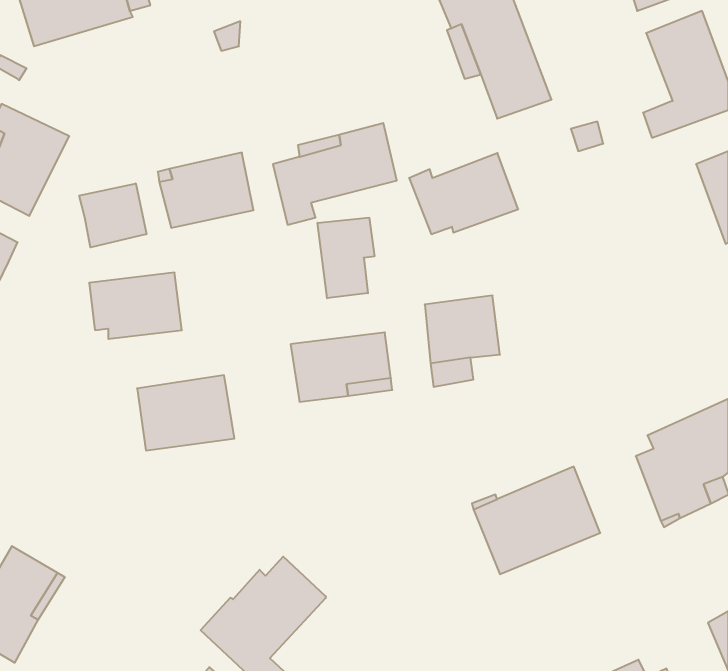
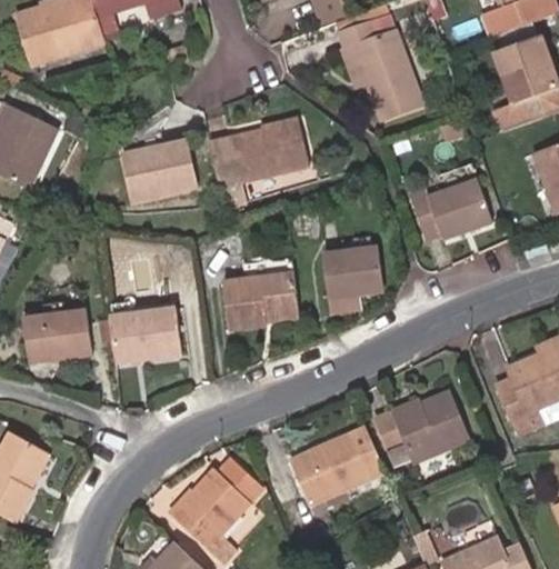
building: [409,153,518,234] -> [410,177,492,238]
building: [79,183,146,247] -> none
building: [318,218,374,298] -> none
building: [89,273,182,339] -> [26,316,96,366]
building: none -> [281,416,377,497]

